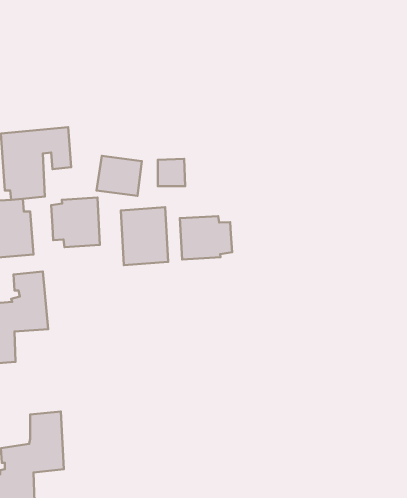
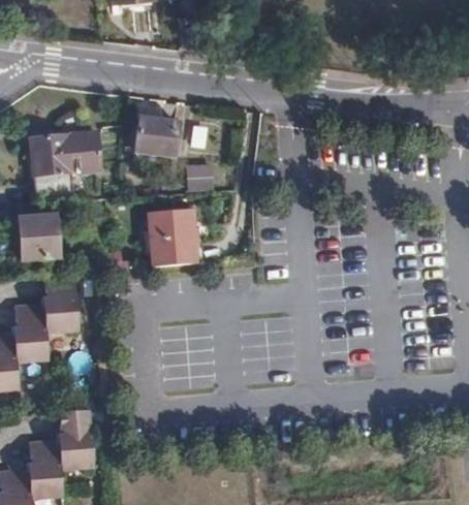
building: [96,156,142,196] -> [133,118,178,157]
building: [51,198,100,247] -> none
building: [180,216,232,259] -> none

